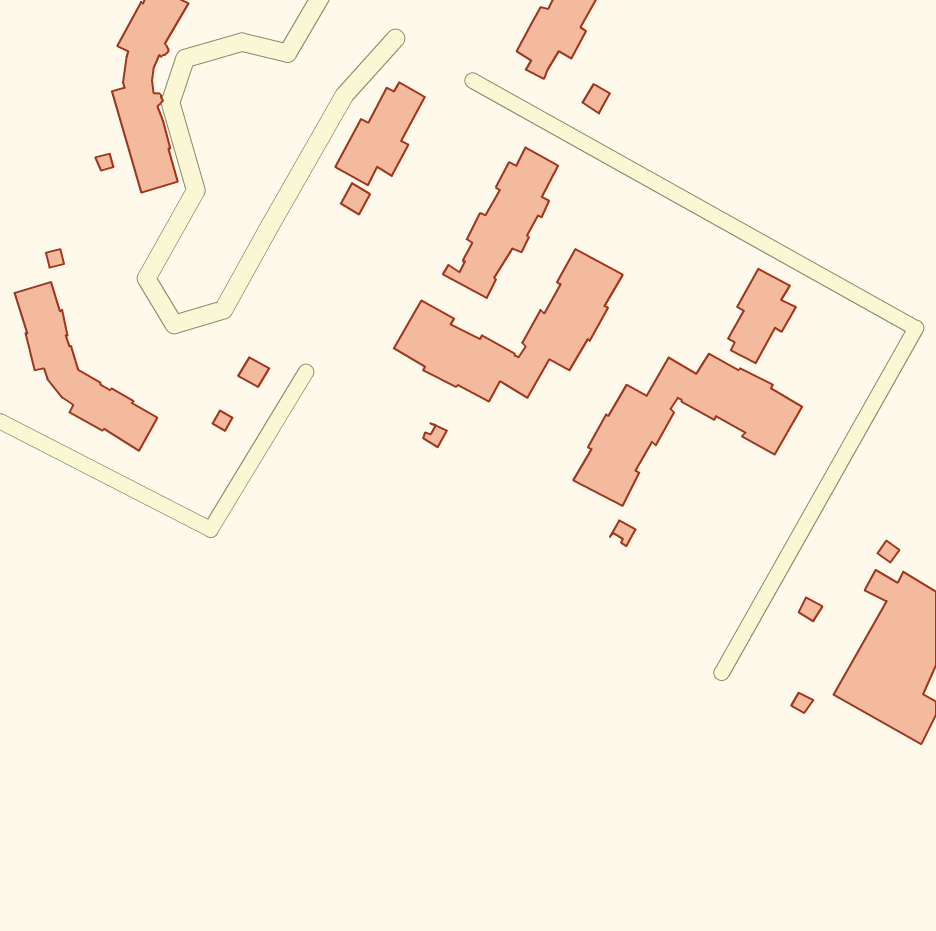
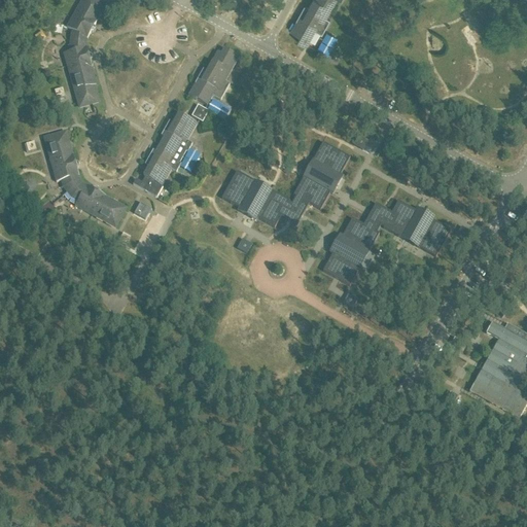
building: [443,148,558,298] -> [132,111,197,196]
building: [728,269,796,363] -> none
building: [14,282,157,451] -> [44,131,125,225]

